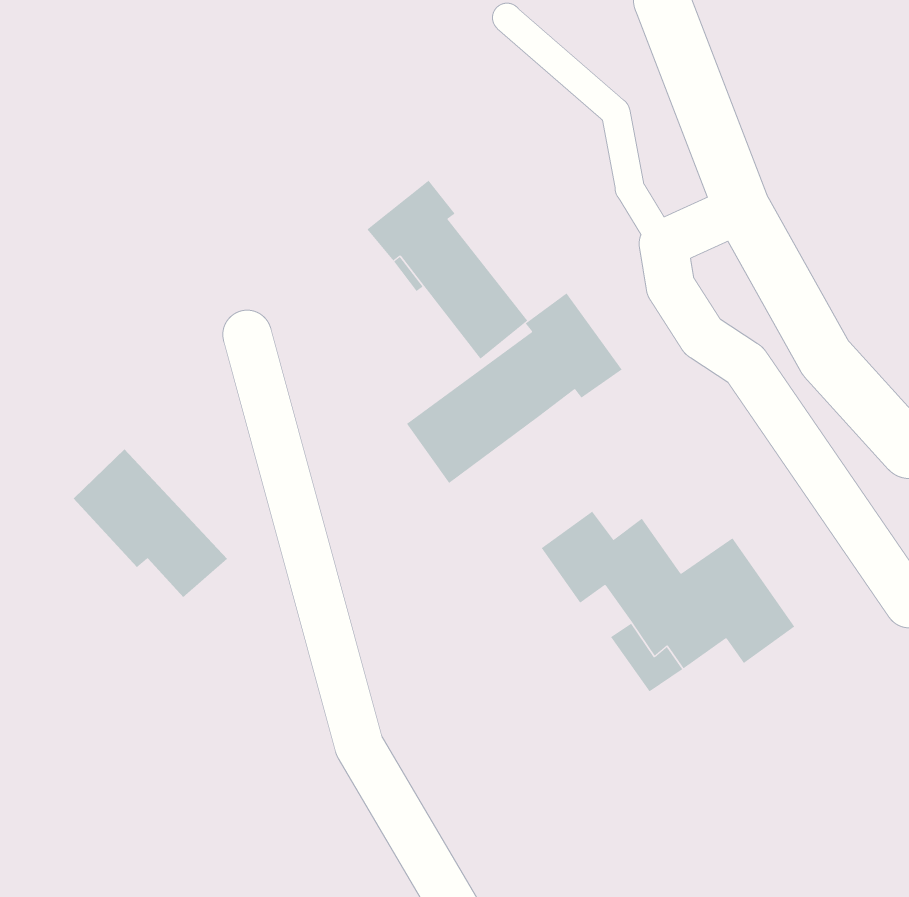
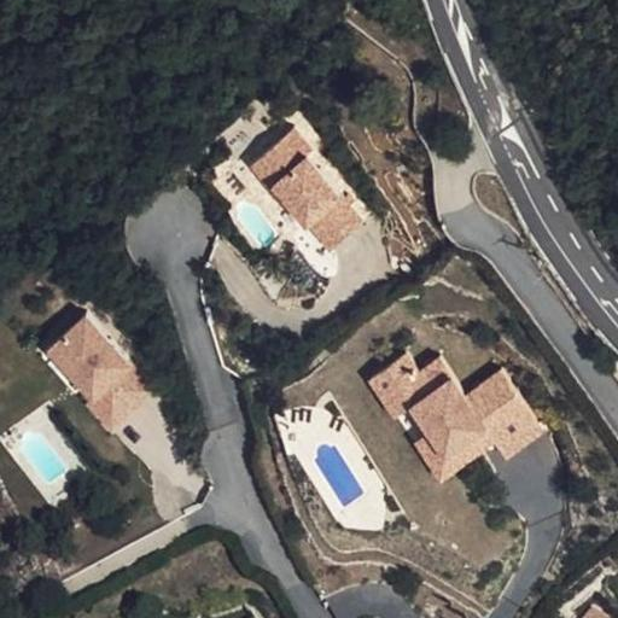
building: [406,293,623,484] -> none
building: none -> [37,346,124,426]

